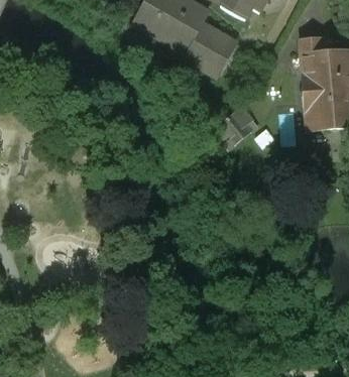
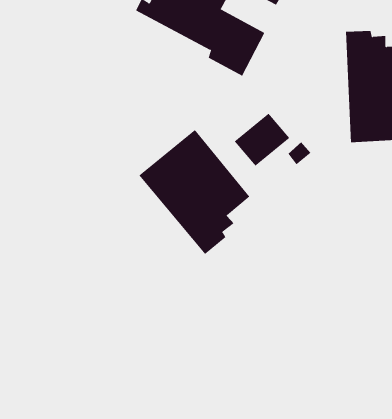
building: none -> [139,129,250,255]

